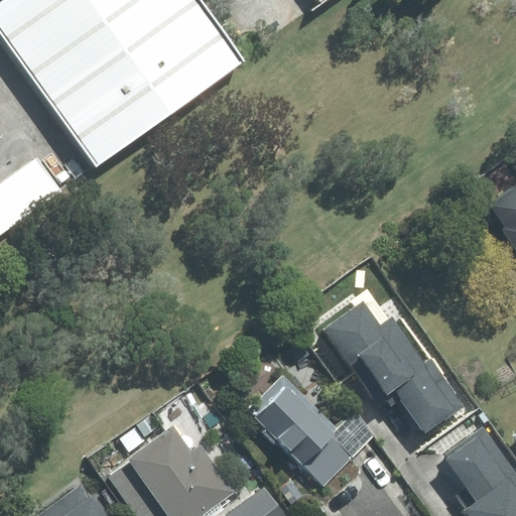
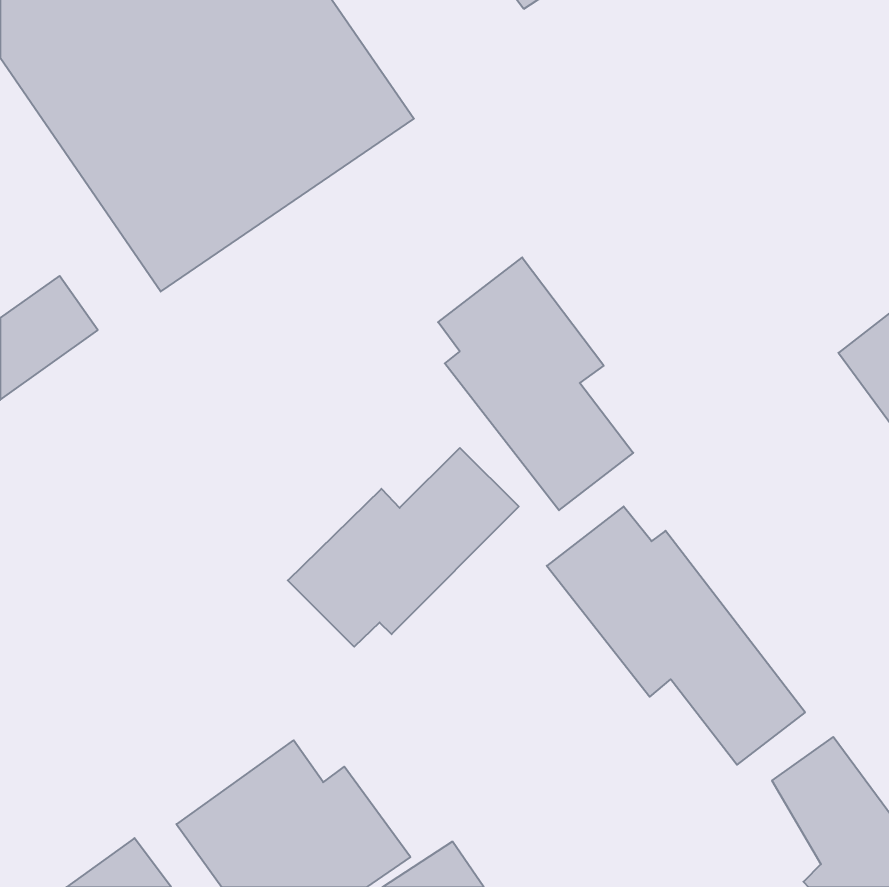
building: none -> [438,257,633,510]
building: none -> [288,448,519,647]
building: [245,372,376,482] -> none

